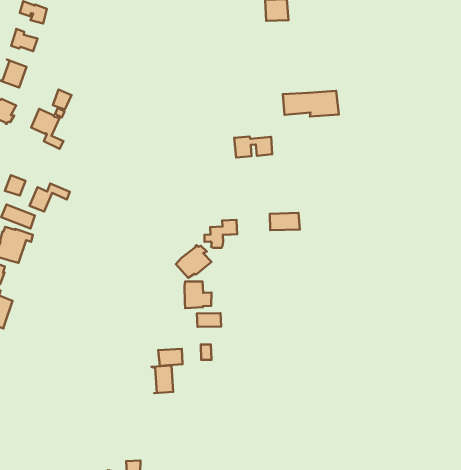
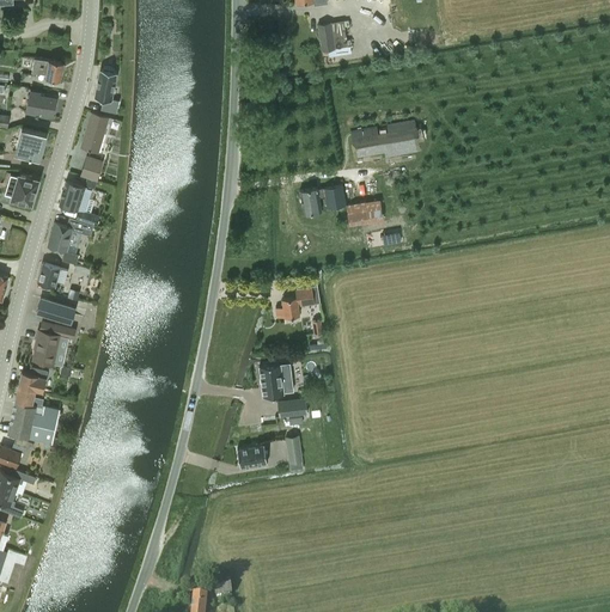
building: none -> [94,68,118,115]
building: none -> [80,115,108,154]
building: [29,184,70,211] -> [47,219,92,252]
building: [270,213,300,230] -> [346,202,383,226]
building: [176,245,211,278] -> none
building: [151,366,173,393] -> none

